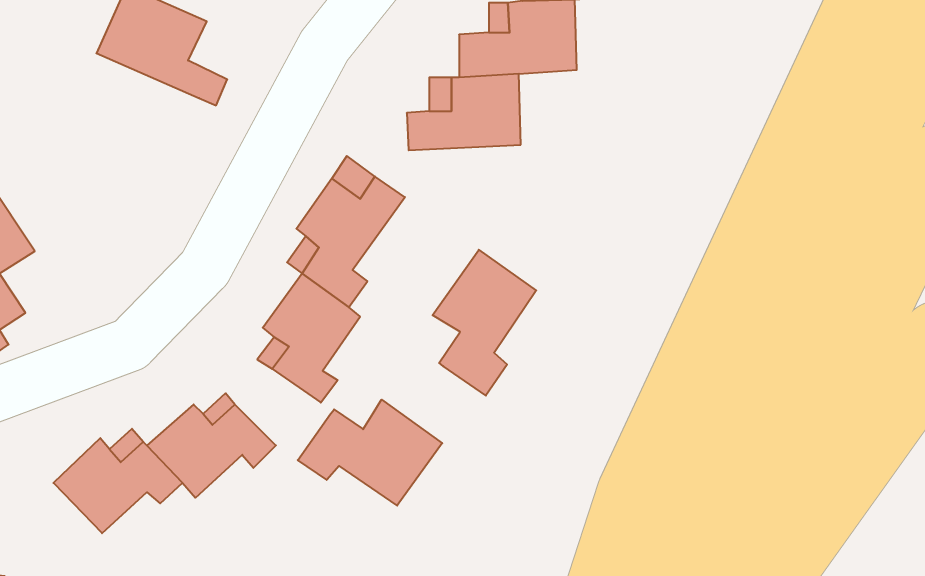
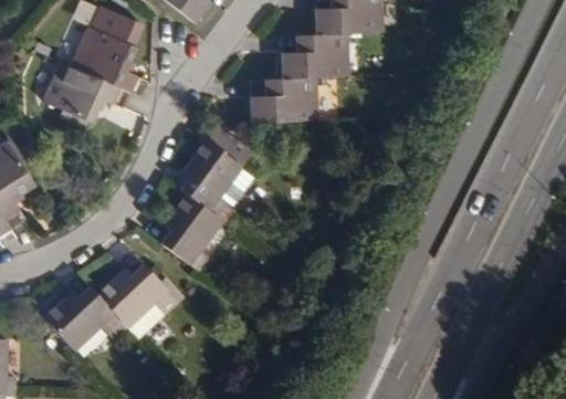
building: none -> [39,60,127,118]
building: [433,250,536,396] -> none
building: [298,400,442,506] -> none

